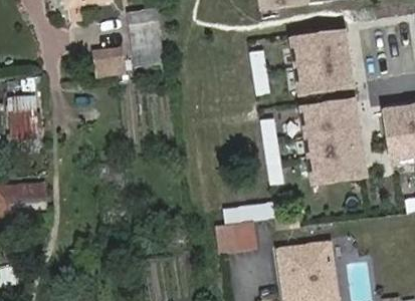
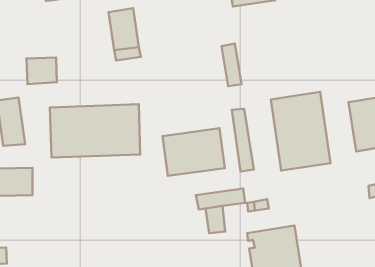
building: [292,32,352,93] -> none
building: [95,45,128,73] -> [27,58,57,84]
building: none -> [50,104,140,158]
building: none -> [163,128,225,176]

